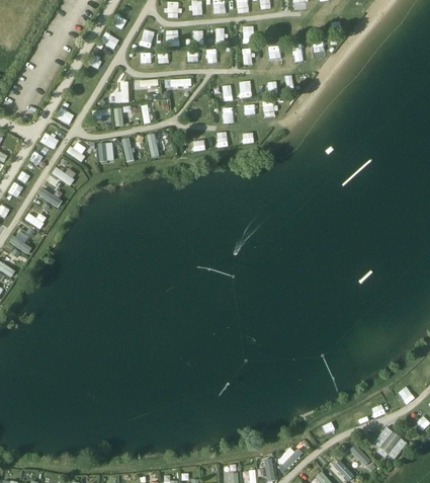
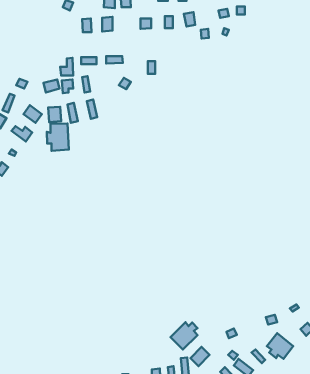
building: none -> [47,124,69,151]
building: none -> [171,322,198,349]

